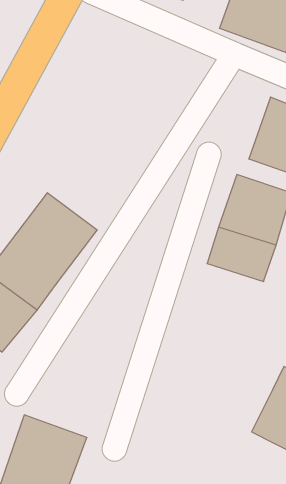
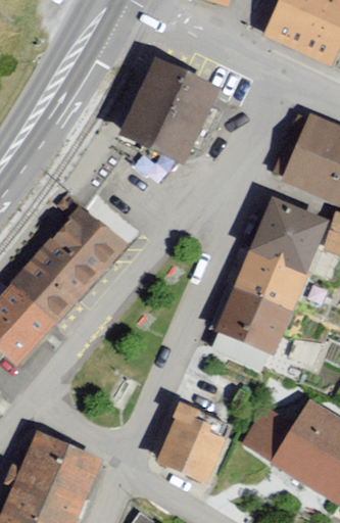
building: none -> [120,56,220,161]
building: none -> [217,286,293,353]
building: none -> [157,400,226,480]
building: none -> [242,407,295,463]

